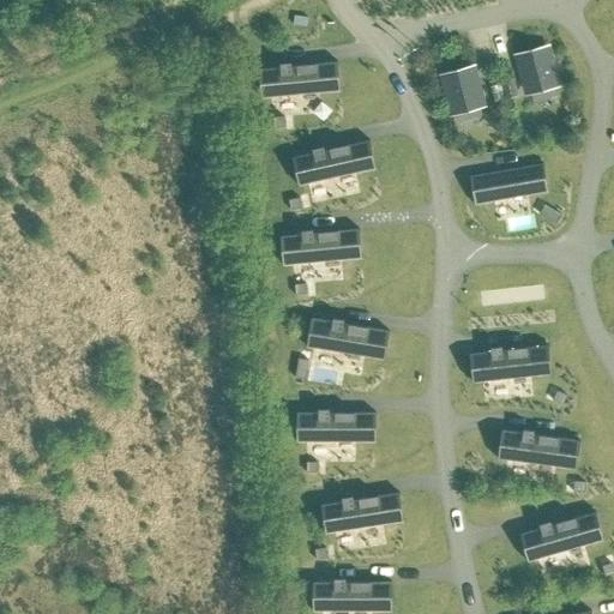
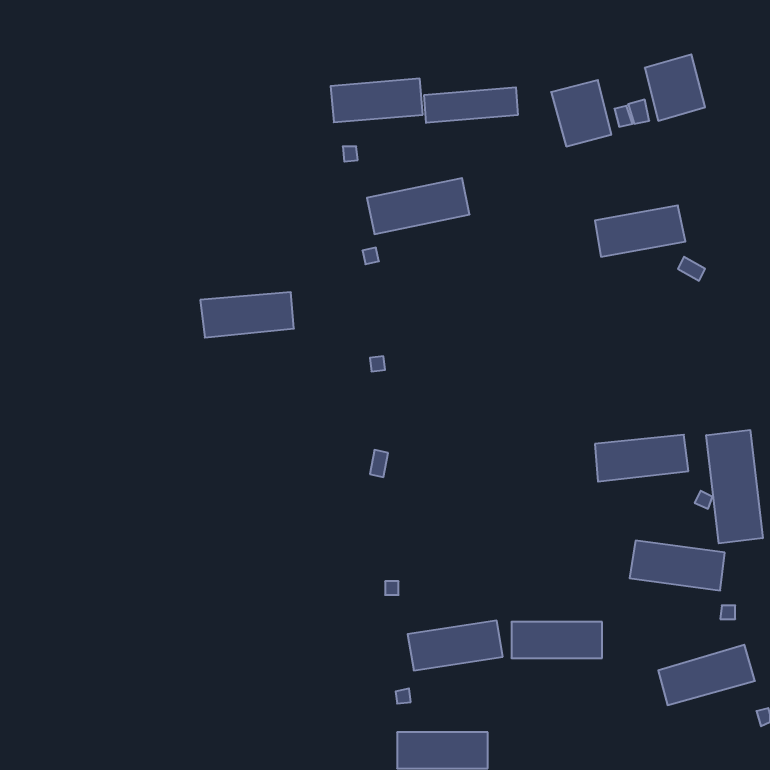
building: none -> [424,87,518,123]
building: [283,230,357,266] -> [200,292,294,338]
building: [309,319,385,360] -> none
building: none -> [706,430,763,543]
building: [300,414,372,443] -> [511,622,602,658]

